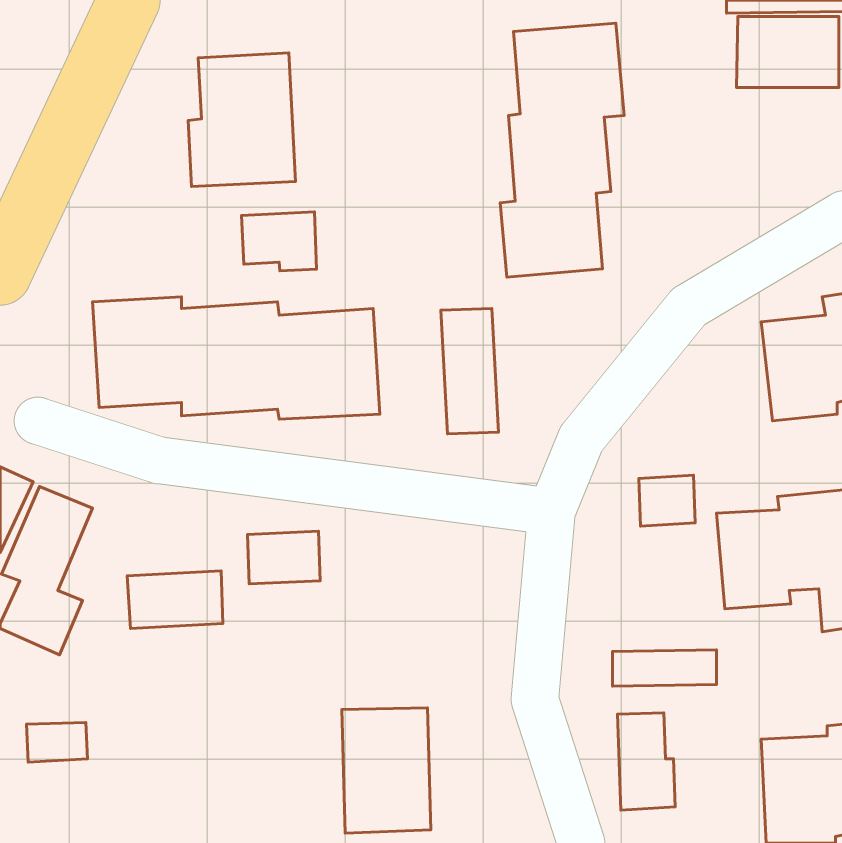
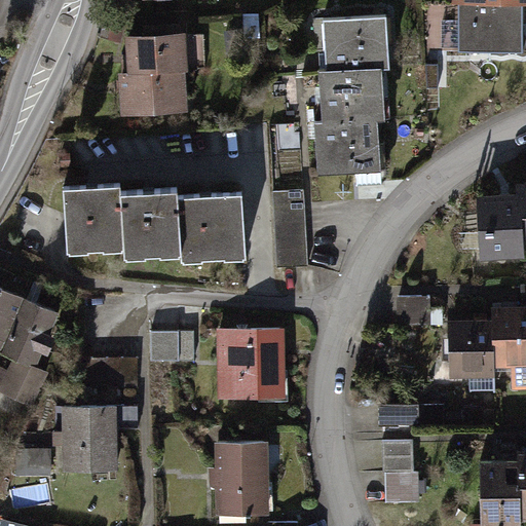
building: [241,212,316,271] -> none
building: none -> [219,328,286,399]
building: none -> [62,407,120,475]

